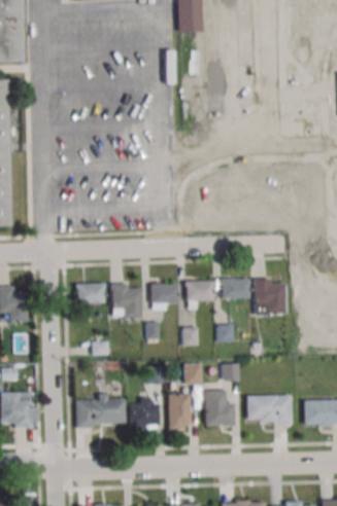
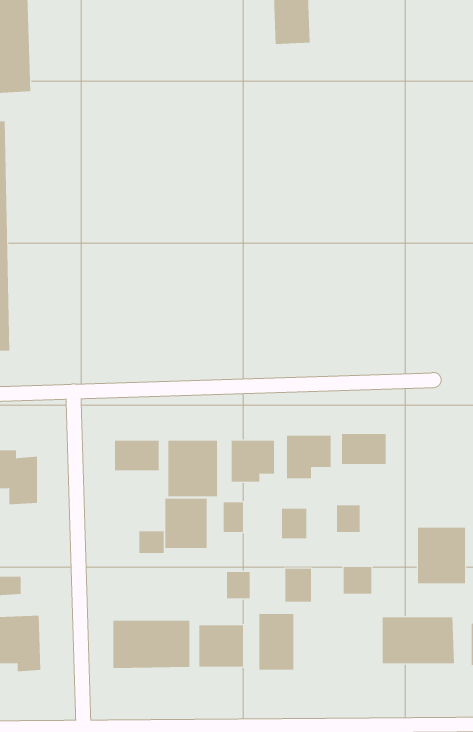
building: [255,278,285,314] -> [417,527,466,584]
building: none -> [165,498,207,549]
building: [205,389,236,425] -> none

